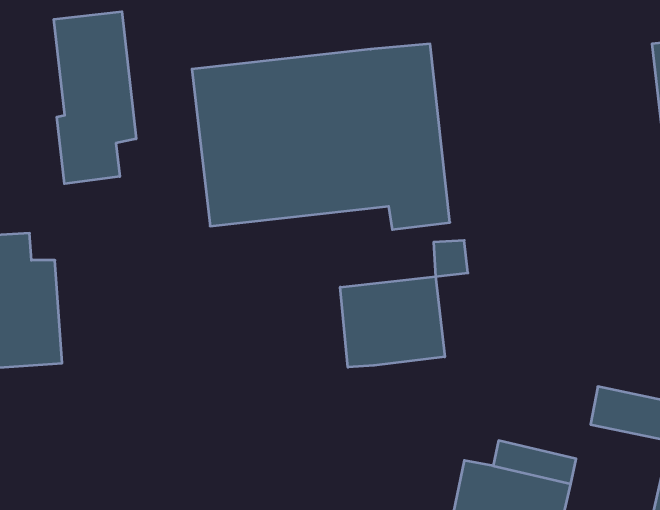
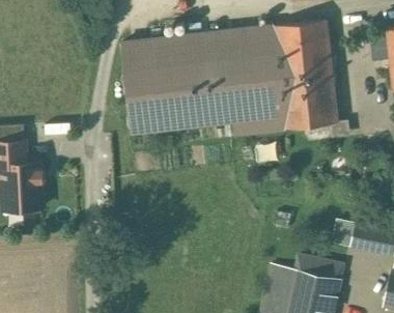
building: [54,12,136,184] -> none
building: none -> [258,21,337,131]
building: [340,277,445,367] -> none

